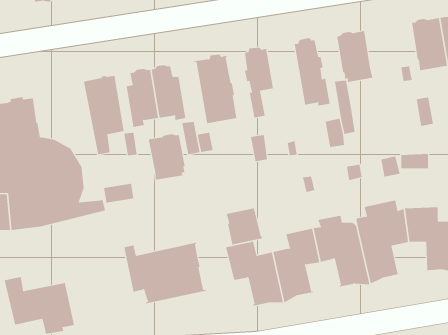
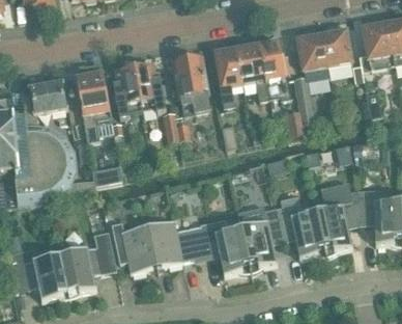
building: none -> [321,28,351,65]
building: none -> [235,43,268,99]
building: none -> [27,79,67,113]
building: [148,133,185,181] -> none
building: [226,208,263,246] -> [175,226,207,260]
building: none -> [59,230,116,292]

